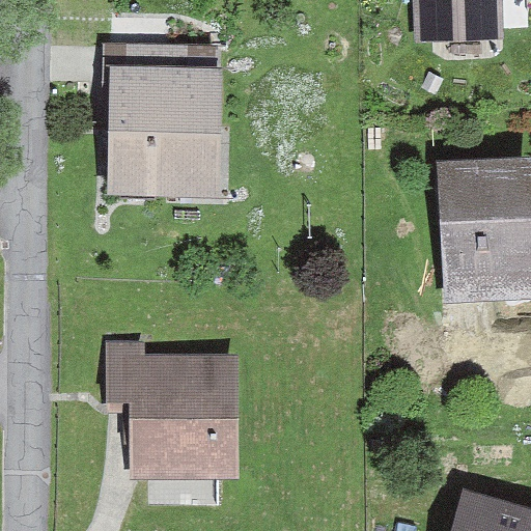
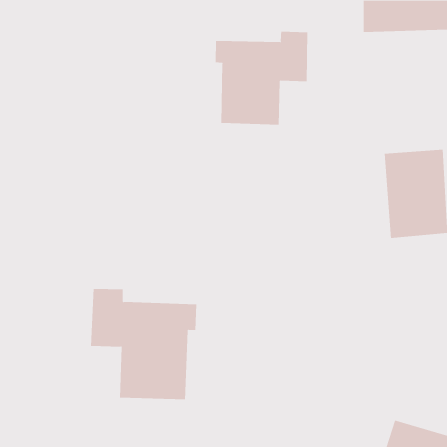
building: none -> [215,31,308,125]
building: [108,48,208,179] -> none

